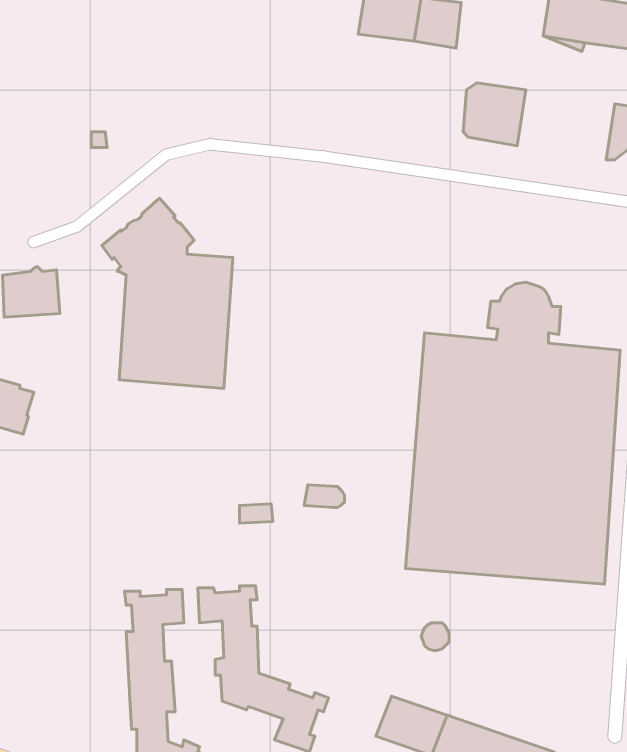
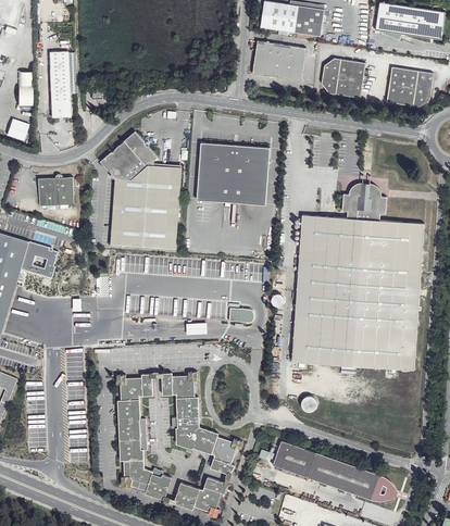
building: none -> [252,41,305,80]
building: none -> [49,53,71,118]
building: none -> [387,67,420,107]
building: none -> [196,142,268,204]

